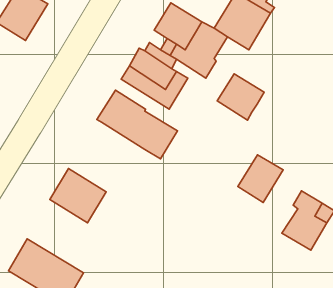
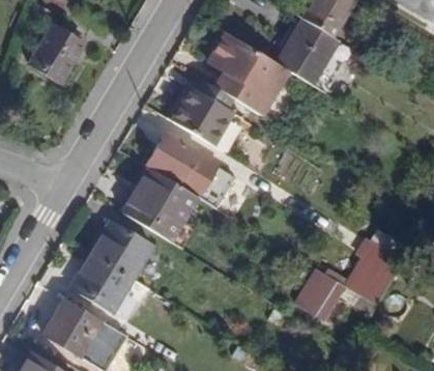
building: [217,74,264,120] -> none
building: none -> [121,167,195,241]
building: [238,155,283,203] -> [295,272,345,324]
building: none -> [69,252,132,312]

